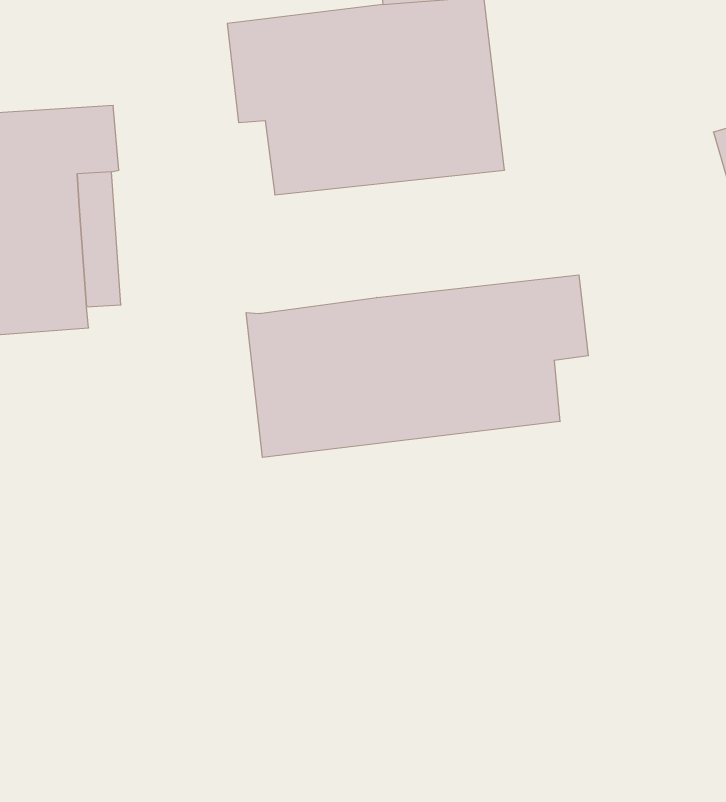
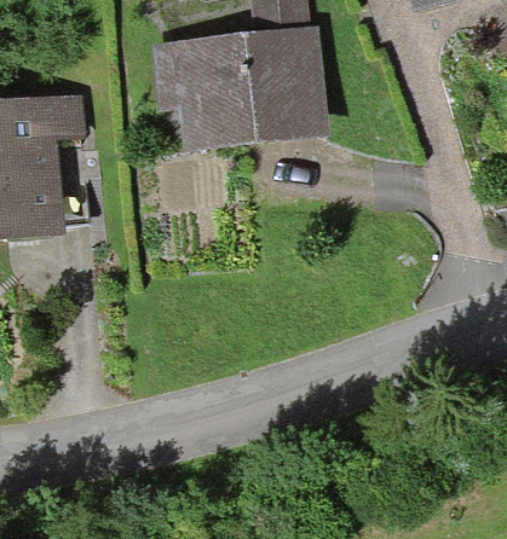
building: [246,275,588,457] -> none

